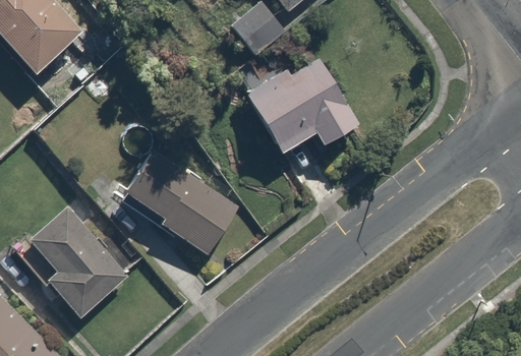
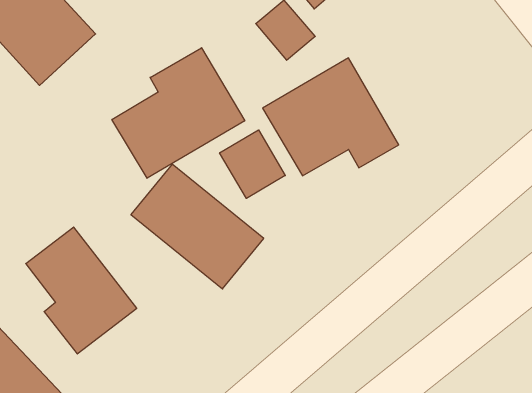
building: none -> [112,48,245,178]
building: none -> [220,130,285,198]

